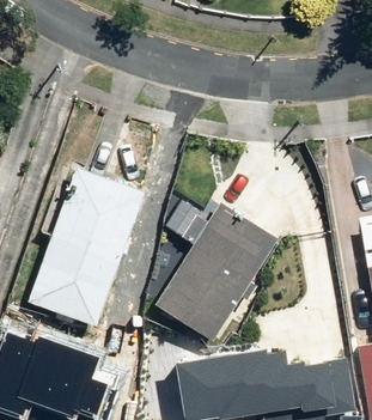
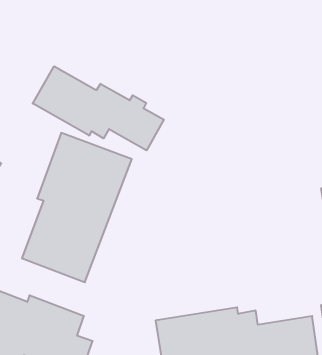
building: none -> [33,66,164,150]
building: [159,205,276,341] -> none

